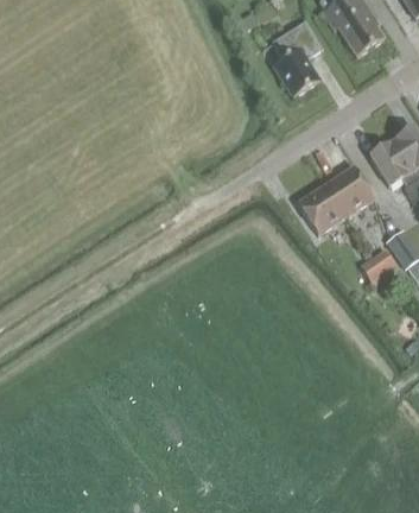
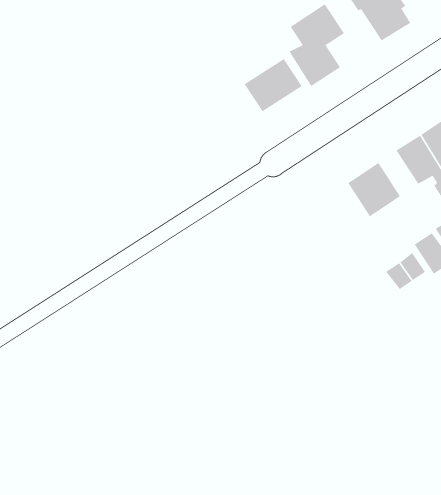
building: none -> [244,58,302,112]
building: [297,184,344,233] -> none

